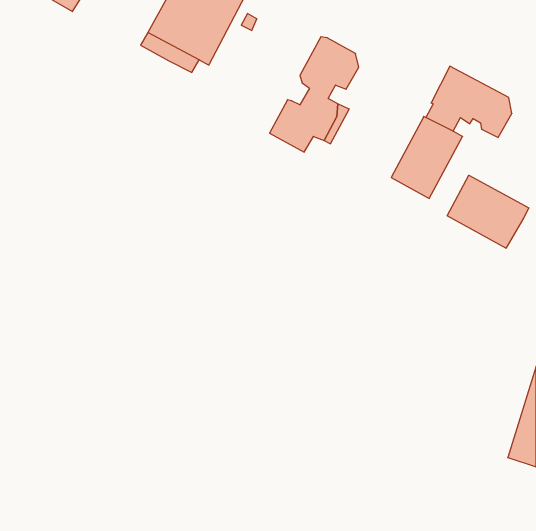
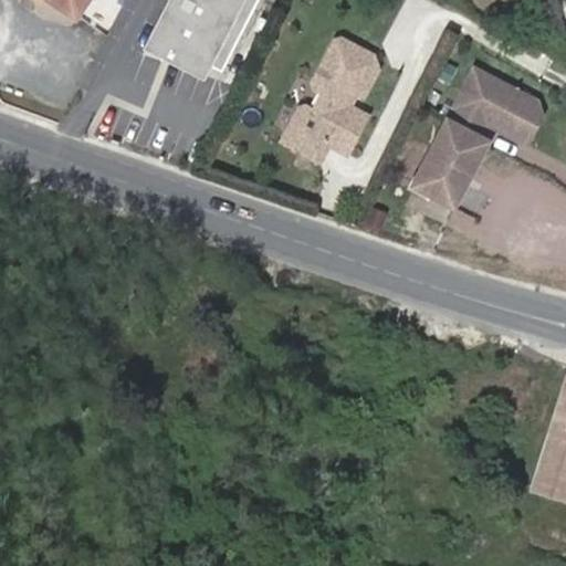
building: [447,175,529,248] -> none

